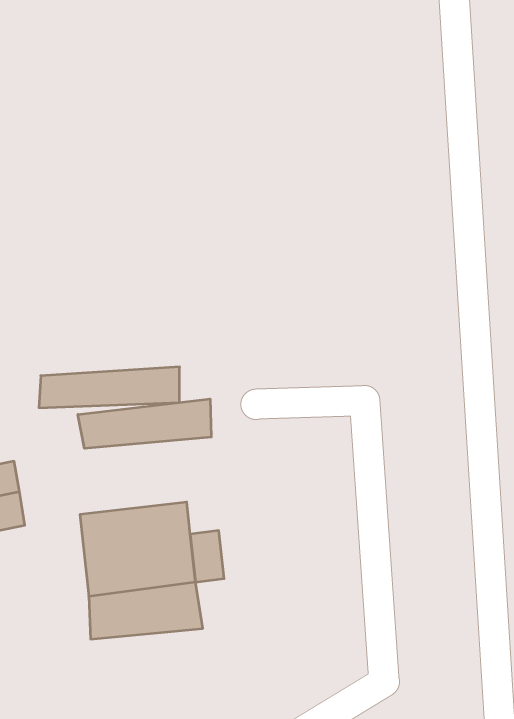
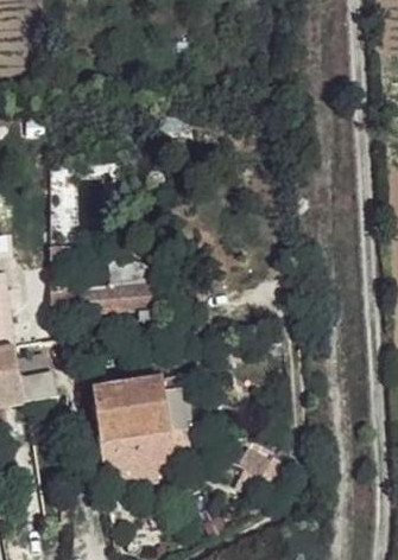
building: [78,399,211,448] -> none

